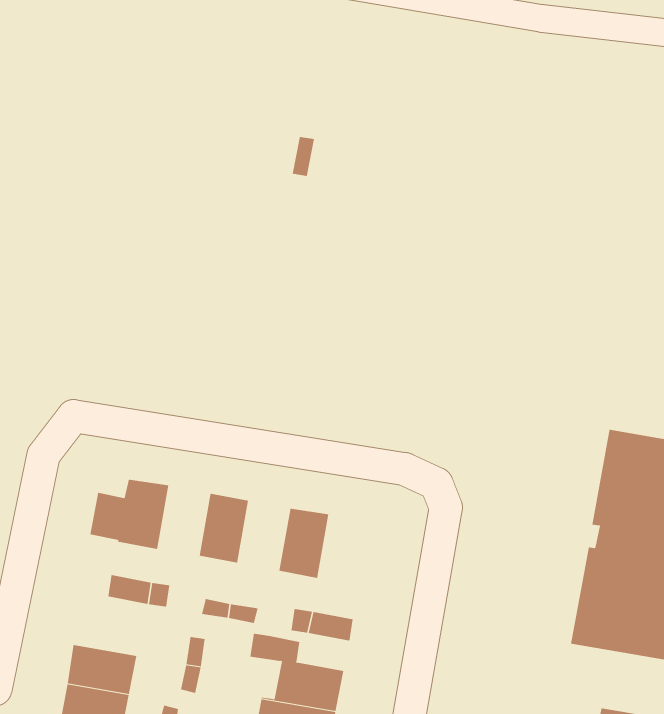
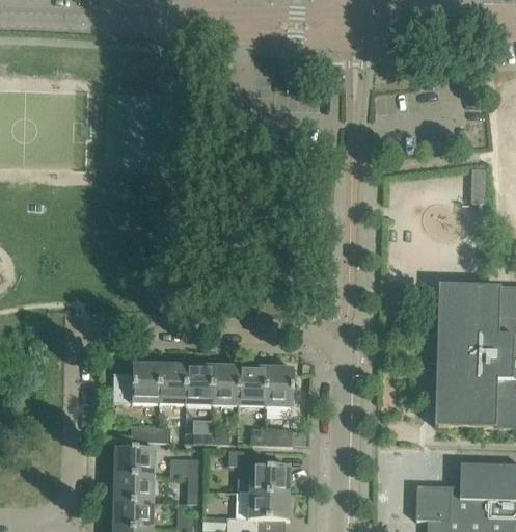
building: none -> [160,362,188,404]
building: none -> [213,364,241,406]
building: none -> [266,365,295,407]
building: none -> [114,446,157,475]

